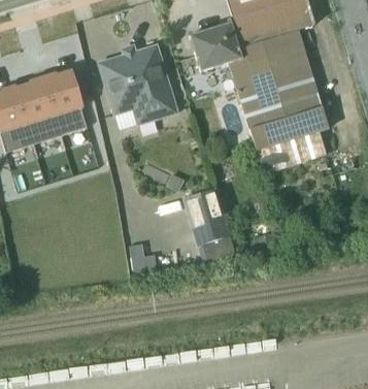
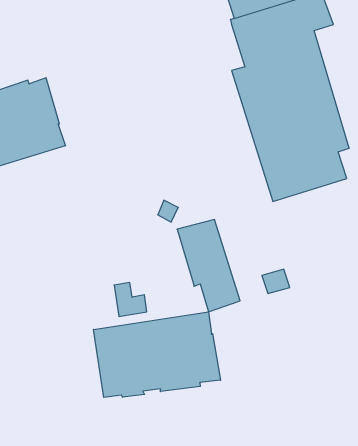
building: [189,23,240,70] -> none
building: [98,44,178,129] -> none
building: none -> [94,312,221,397]

